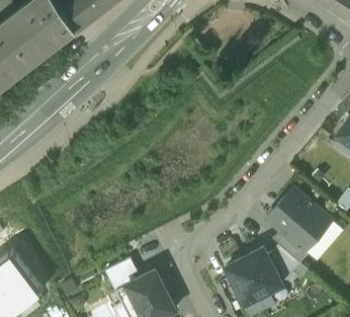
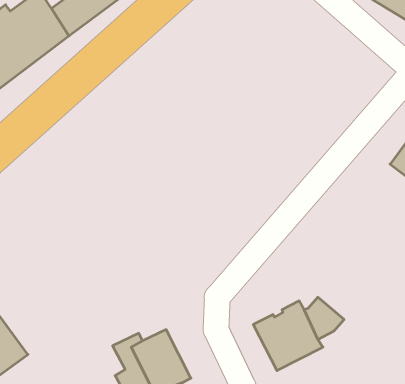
building: [266,187,331,251] -> none

